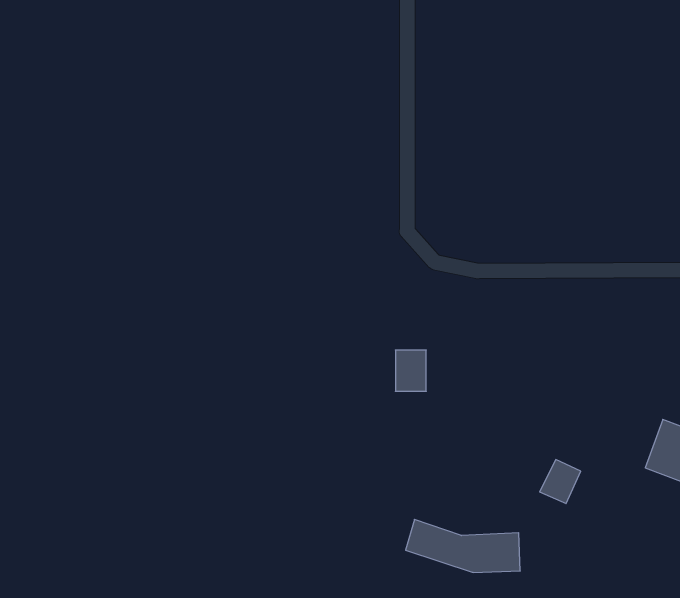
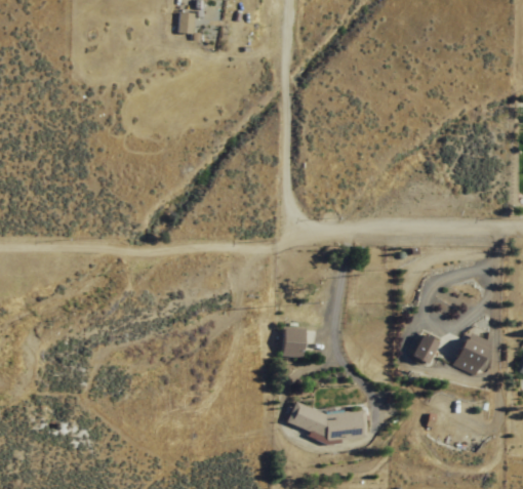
building: [395,350,426,391] -> [283,327,305,356]
building: [540,460,581,504] -> [411,333,440,364]

